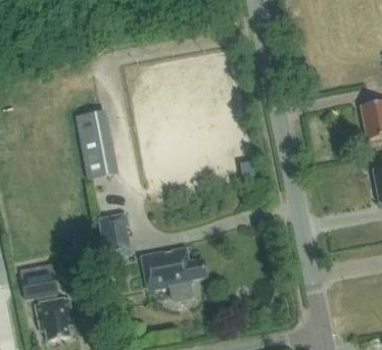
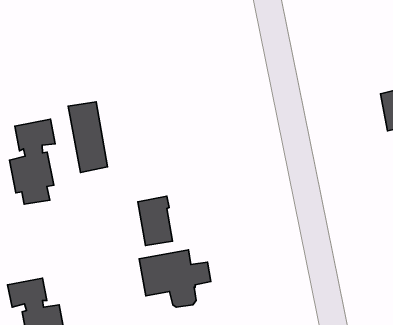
building: none -> [9,119,55,204]
building: [99,213,131,258] -> [138,196,173,246]

